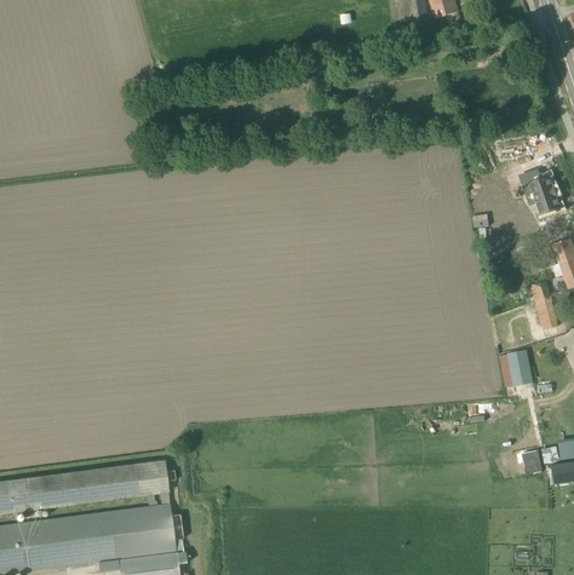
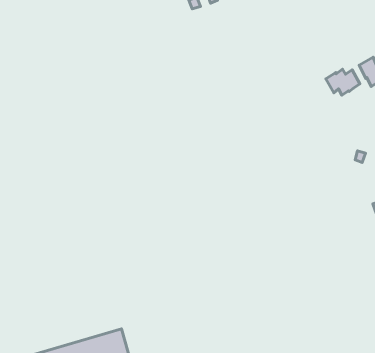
building: none -> [326,69,360,95]

